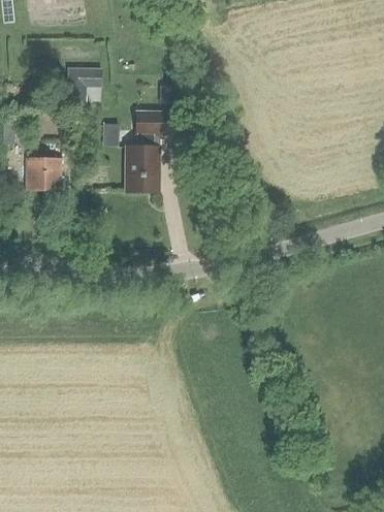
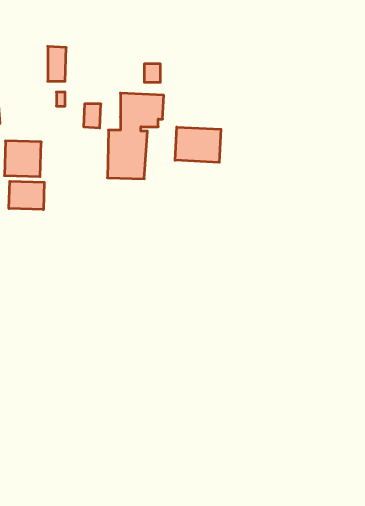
building: none -> [175,127,221,162]
building: none -> [9,181,44,210]

